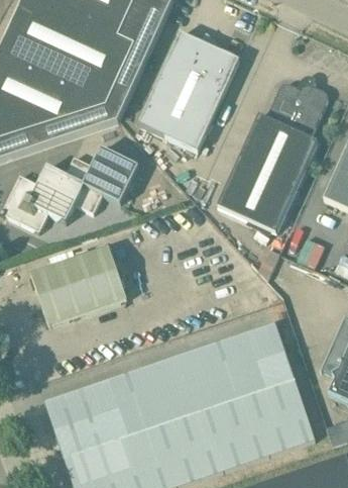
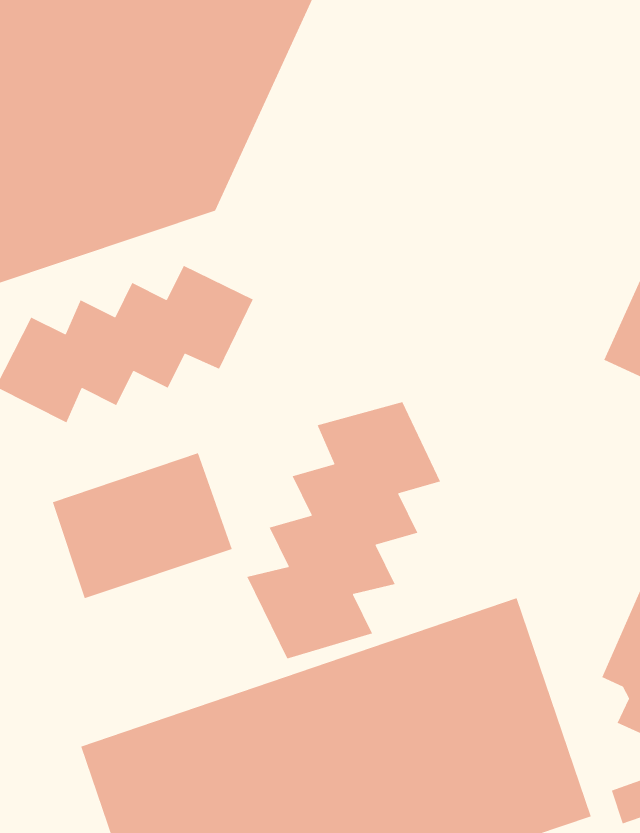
building: [138,30,239,150] -> none
building: [218,82,328,230] -> none
building: none -> [246,401,441,659]

